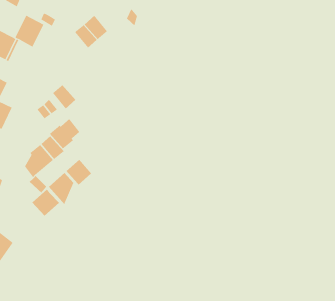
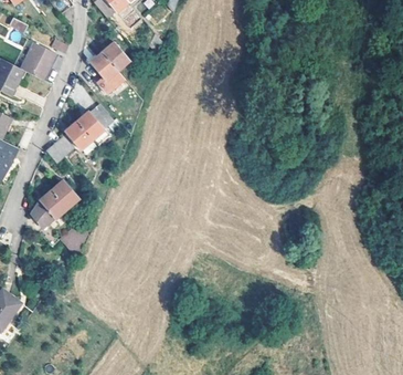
building: [49,118,80,149] -> [76,103,112,138]
building: [66,159,92,185] -> none
building: [32,189,60,216] -> none

